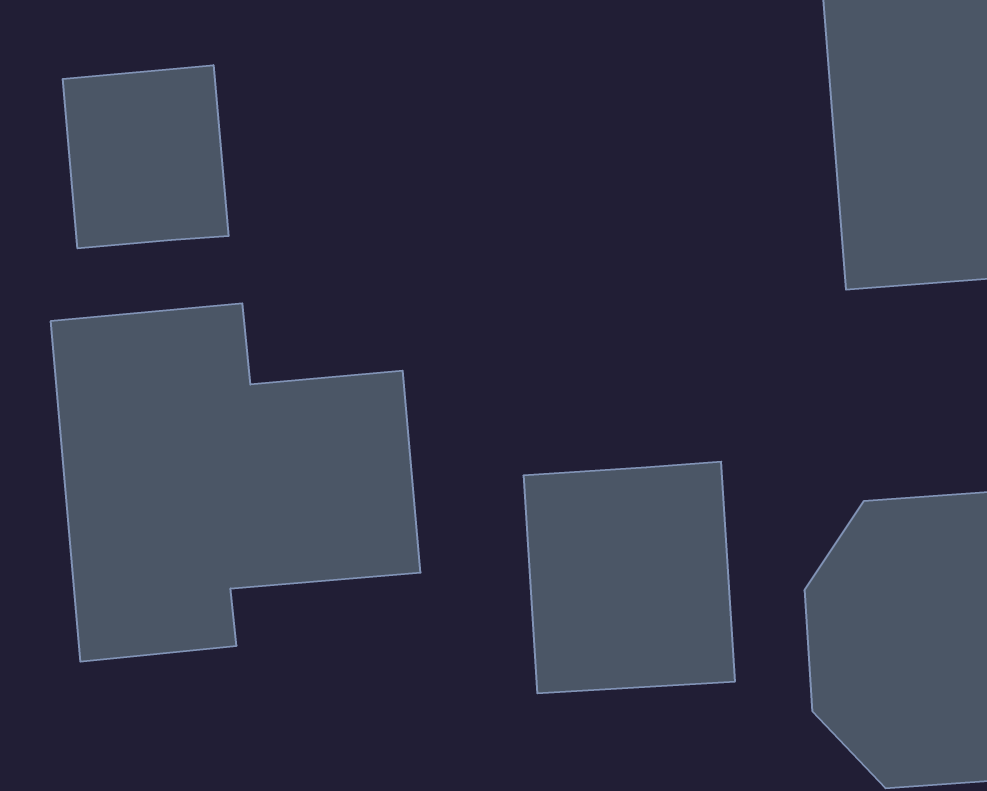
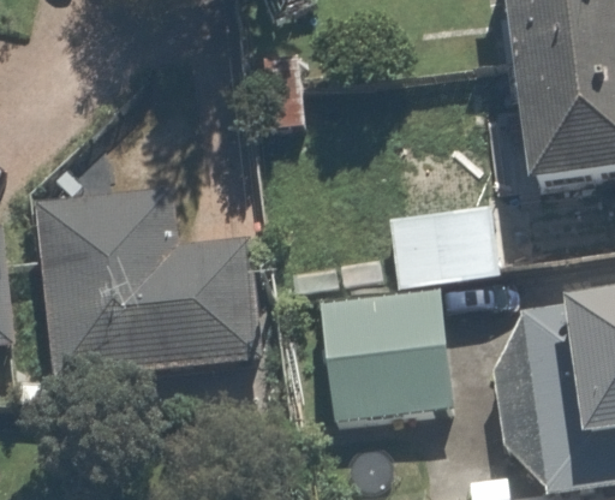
building: [63,65,229,248] -> none
building: none -> [390,201,498,291]

